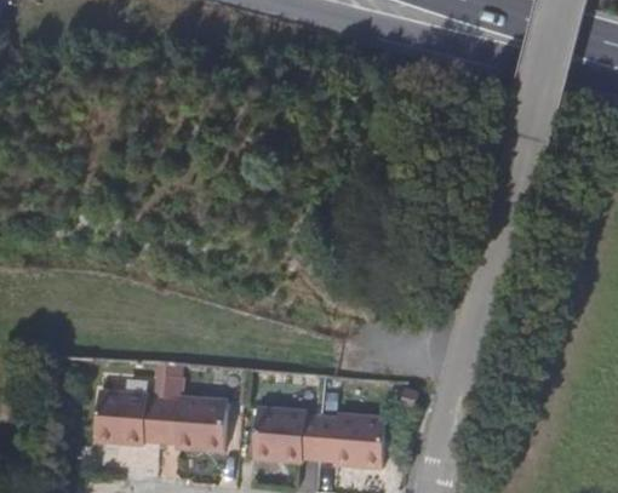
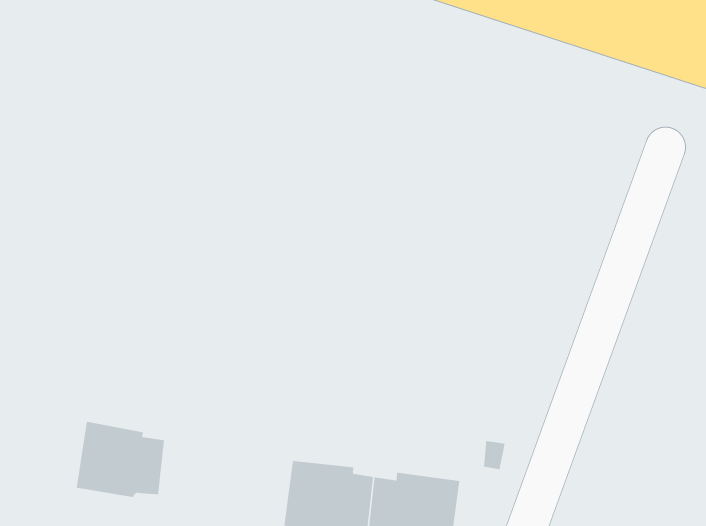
building: [156,397,225,449] -> none

